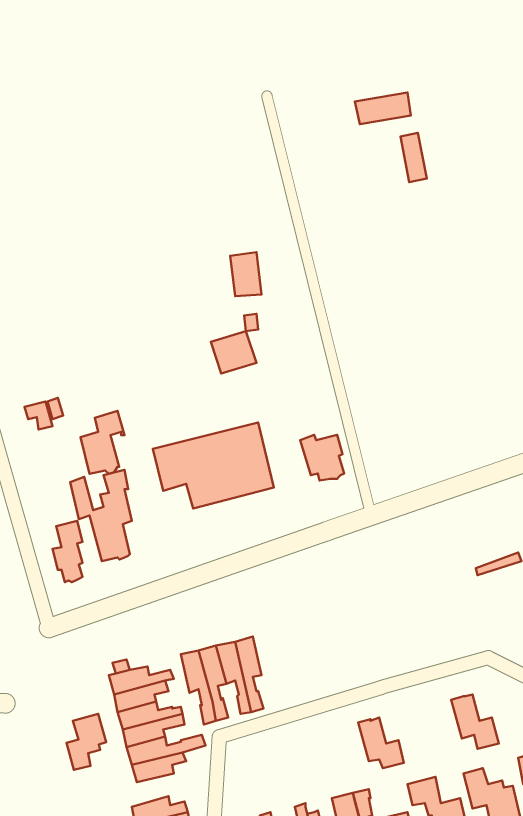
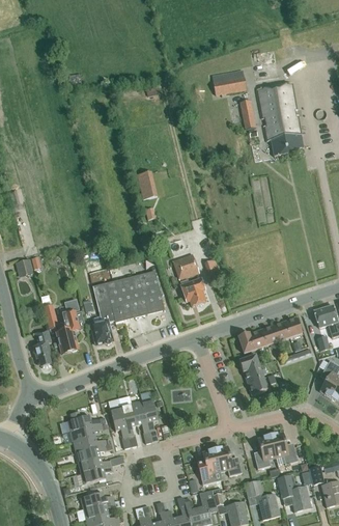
building: none -> [256,82,304,156]
building: [211,331,256,373] -> [172,254,199,279]
building: [81,411,125,474] -> [91,307,117,344]
building: none -> [237,316,302,353]
building: none -> [238,355,267,395]
building: none -> [254,435,276,469]
building: [67,714,106,770] -> none
building: none -> [199,448,223,485]

